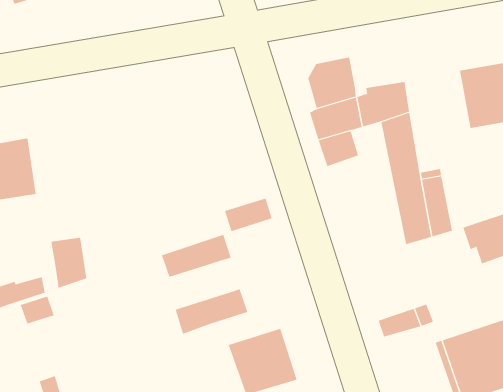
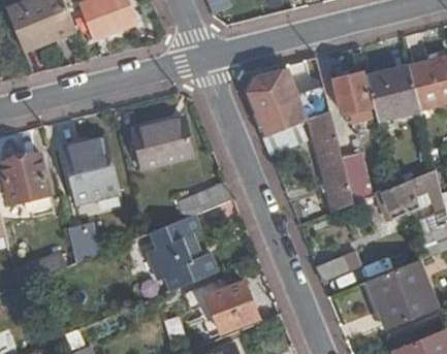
building: none -> [333,72,370,112]
building: none -> [134,116,190,164]
building: none -> [62,137,120,202]
building: none -> [146,233,203,276]

